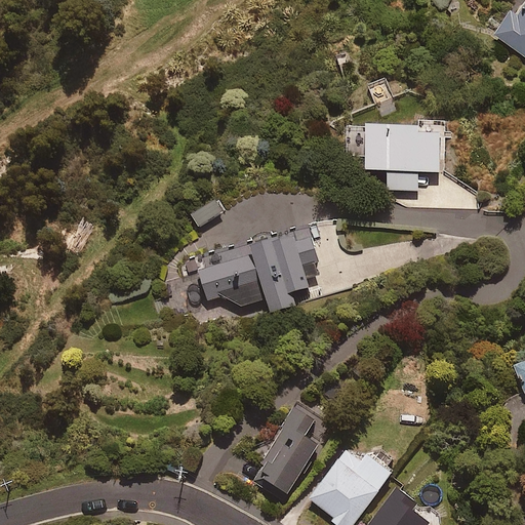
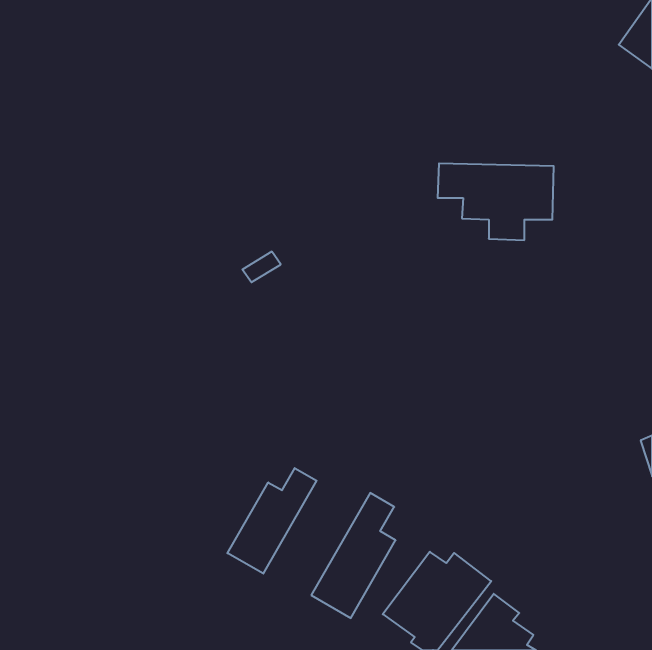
building: [202,239,321,314] -> none
building: none -> [227,468,317,574]

